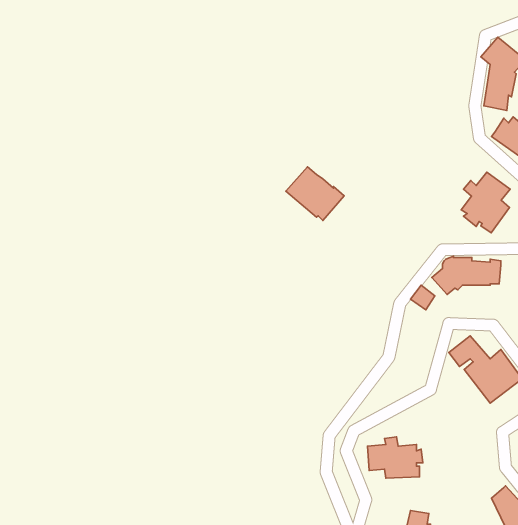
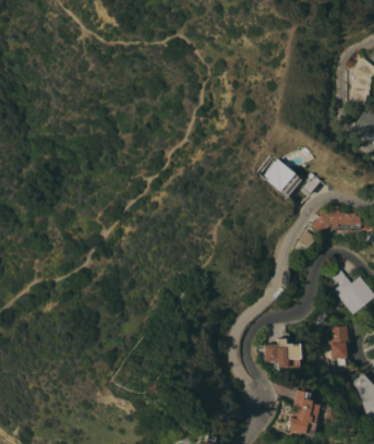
building: [286,167,344,220] -> [258,159,300,197]
building: [461,172,510,233] -> none
building: none -> [329,326,349,365]

